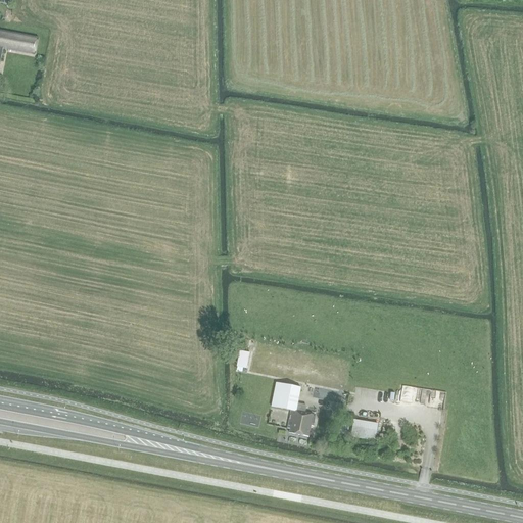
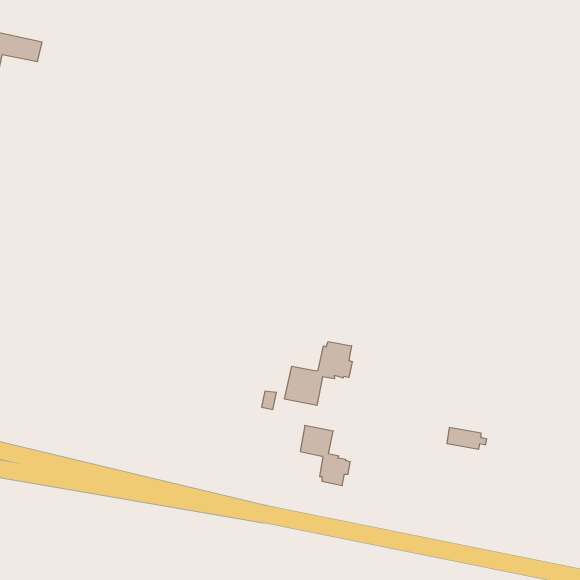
building: none -> [285,342,352,405]
building: [352,417,381,440] -> none

